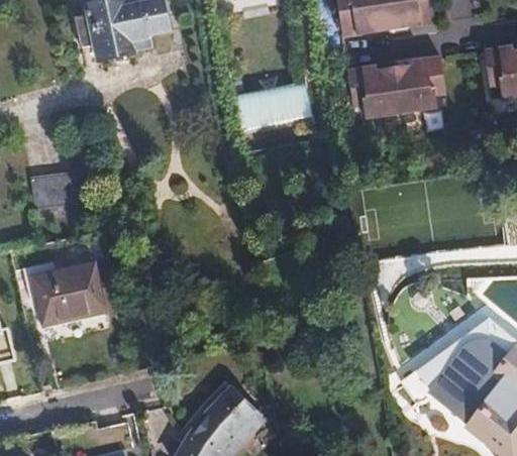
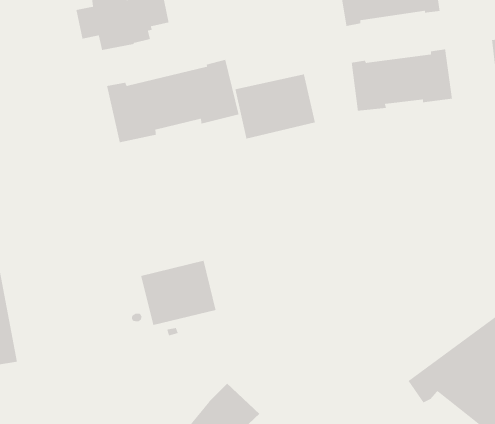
building: none -> [106,59,240,143]
building: [30,179,77,209] -> none
building: [29,261,104,326] -> [140,260,217,326]

